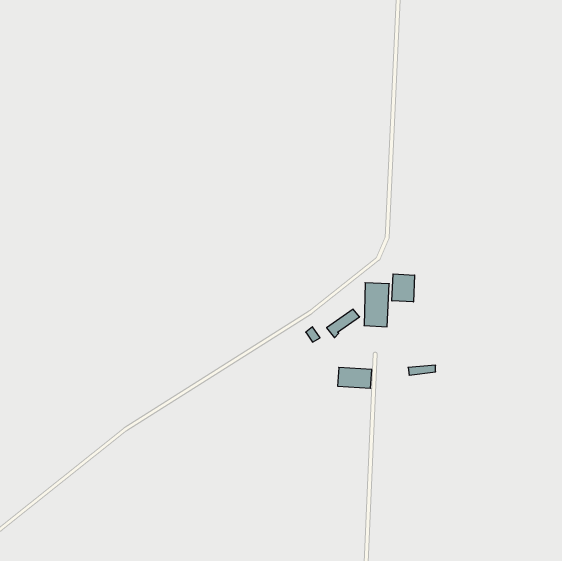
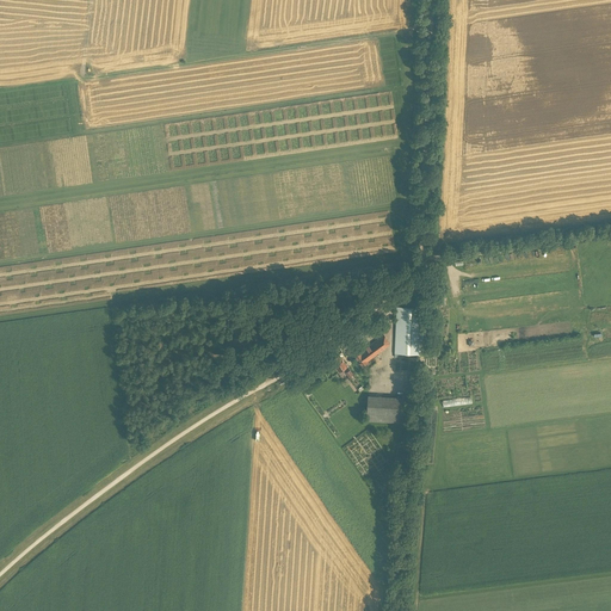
building: [392,274,415,302] -> none

